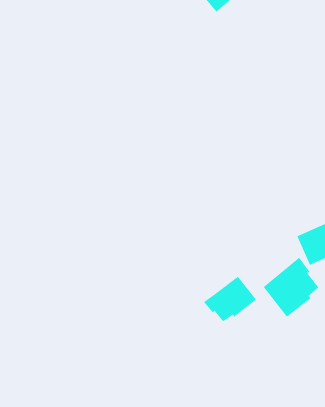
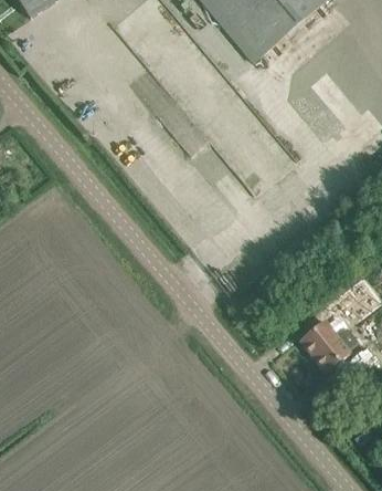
building: [203,276,257,322] -> none

